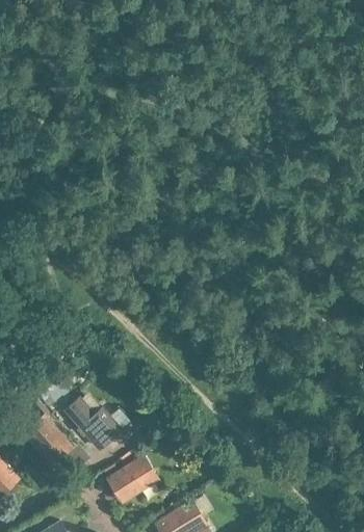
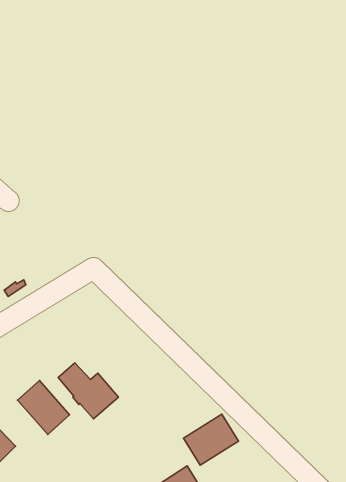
building: [105,454,160,505] -> [183,414,239,465]

